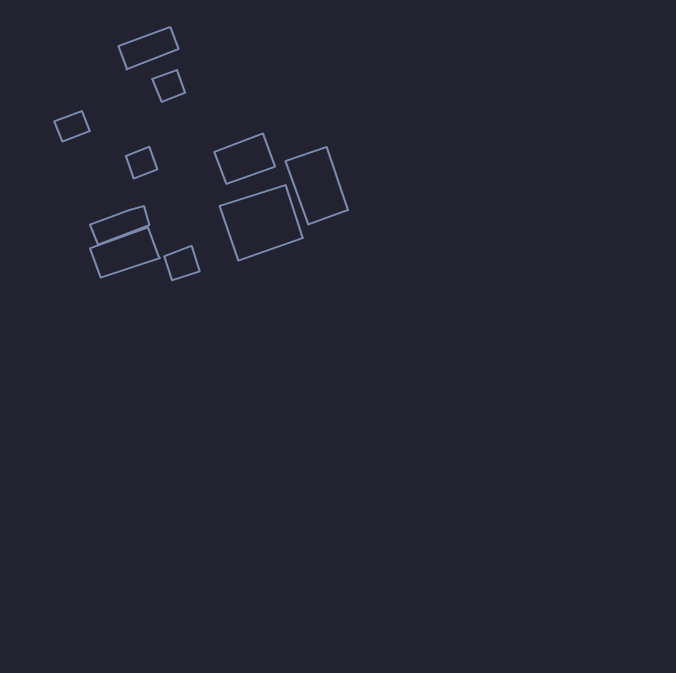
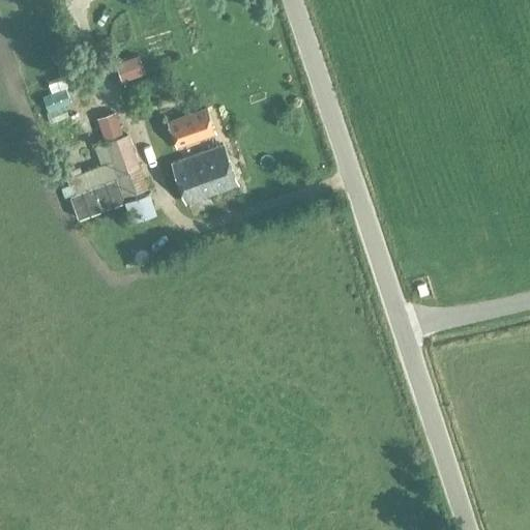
building: [119,27,178,70] -> none
building: [286,147,348,225] -> none
building: none -> [107,136,147,198]

